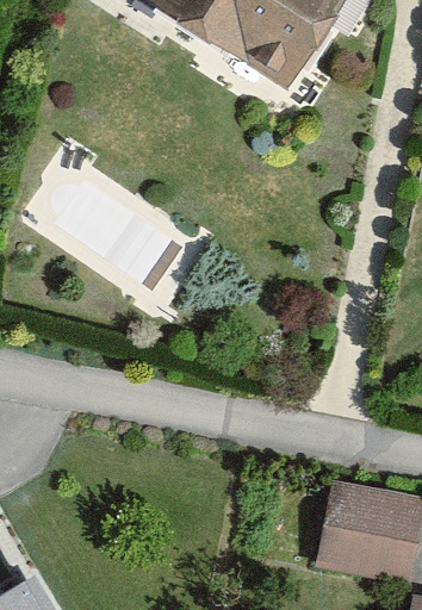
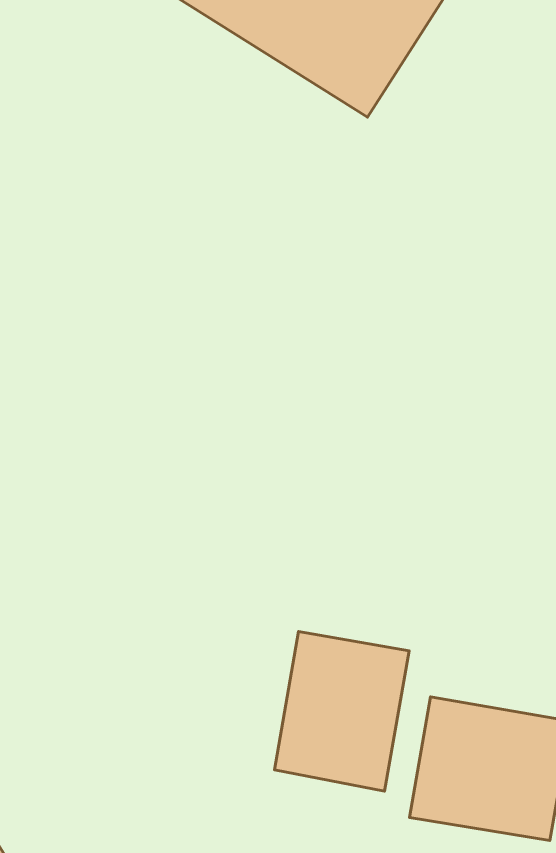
building: none -> [274,631,409,791]

